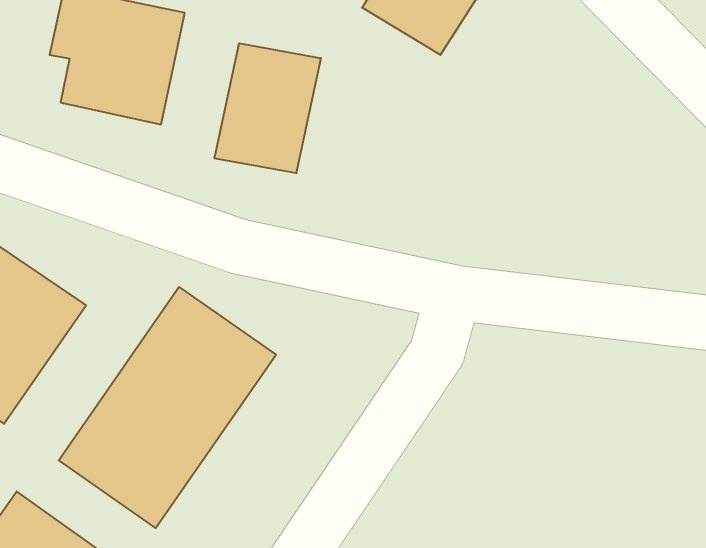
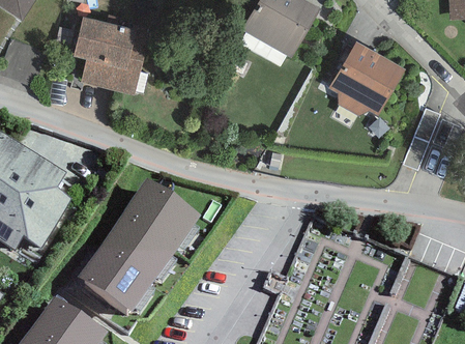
building: none -> [335,40,408,111]
building: [215,43,321,173] -> none

